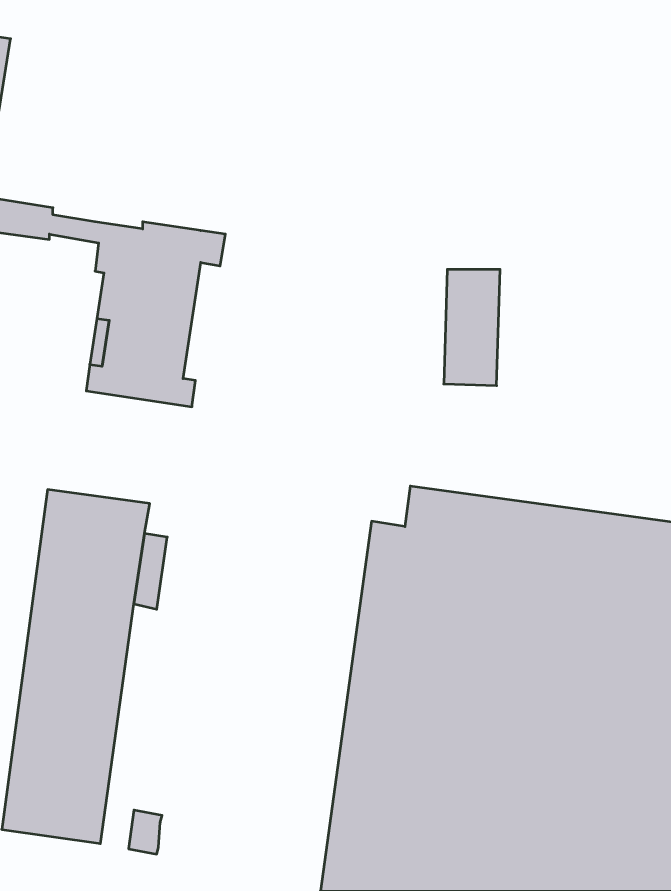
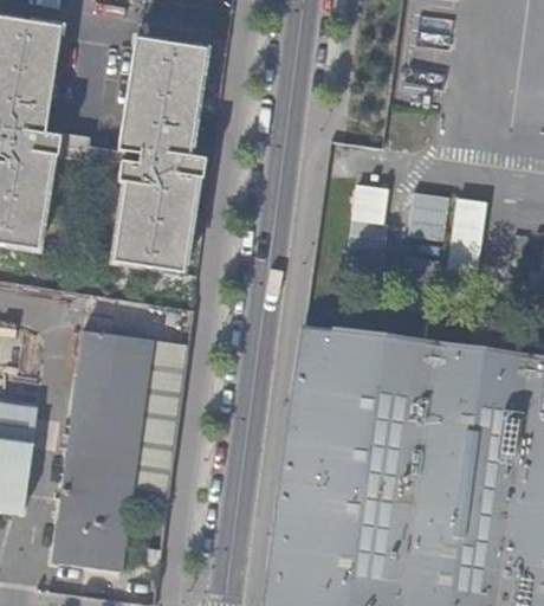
building: none -> [117,37,205,155]
building: none -> [410,189,449,233]
building: none -> [449,193,488,275]

